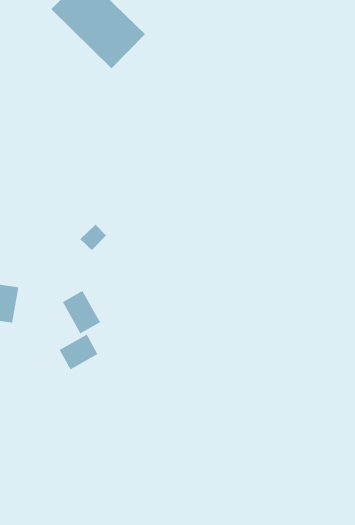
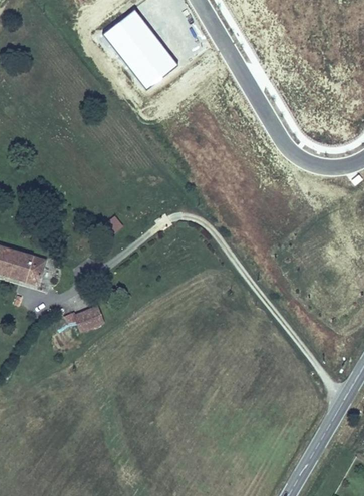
building: [62,290,101,334] -> none

